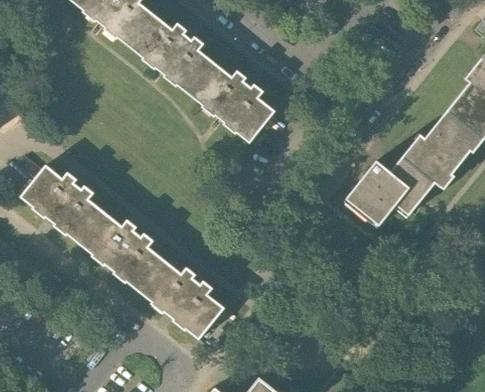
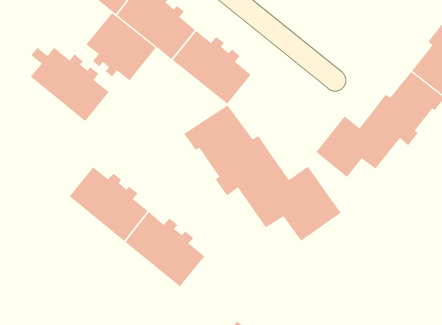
building: none -> [85,12,156,81]
building: none -> [184,104,341,241]
building: [18,162,104,243] -> [30,47,109,122]

